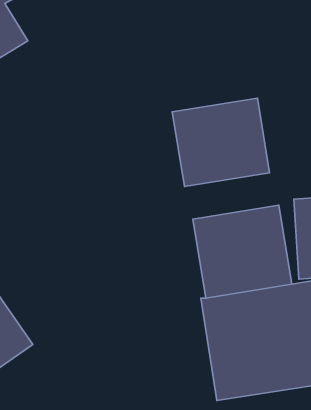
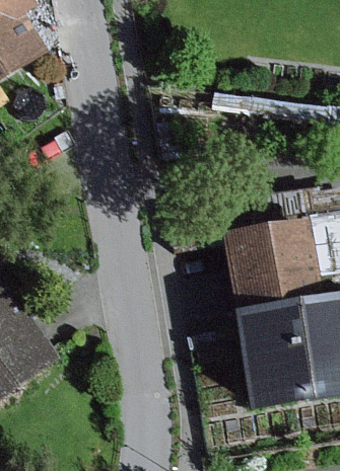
building: [172,98,269,187] -> none

